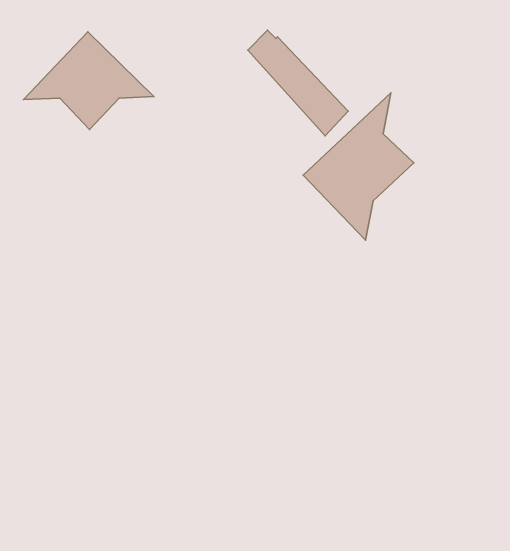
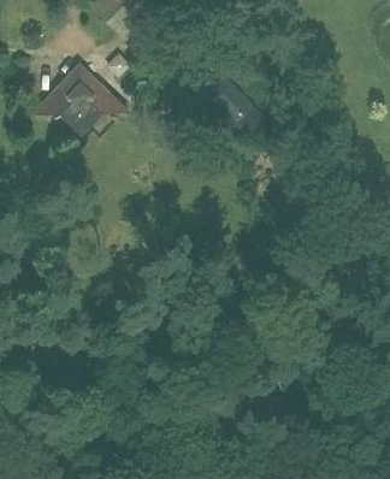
building: [303,93,414,240] -> none

